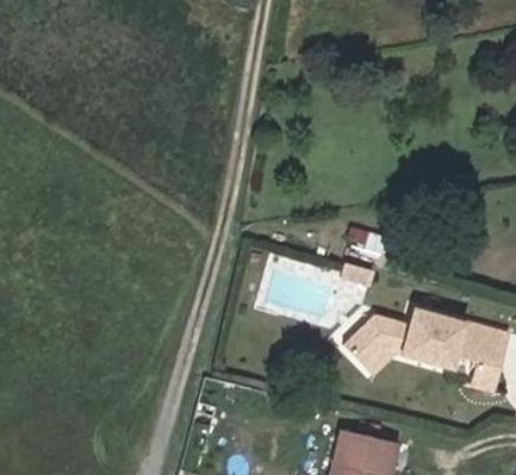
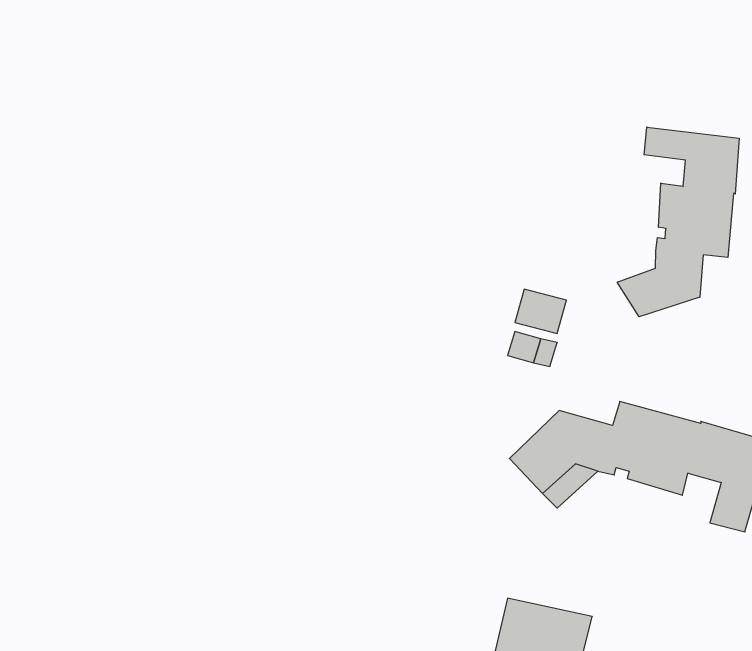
building: none -> [617,127,739,317]

